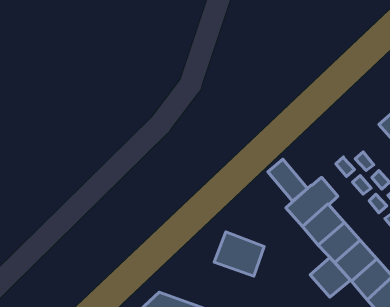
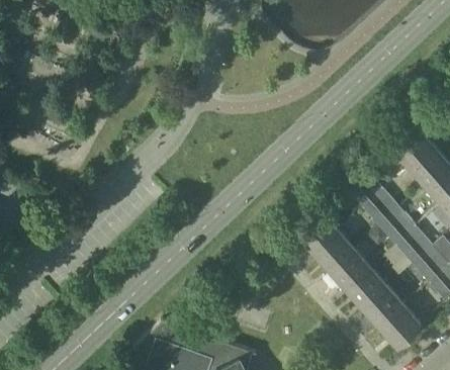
building: [268,159,308,201] -> none
building: [214,232,264,276] -> none
building: [310,258,350,297] -> none

